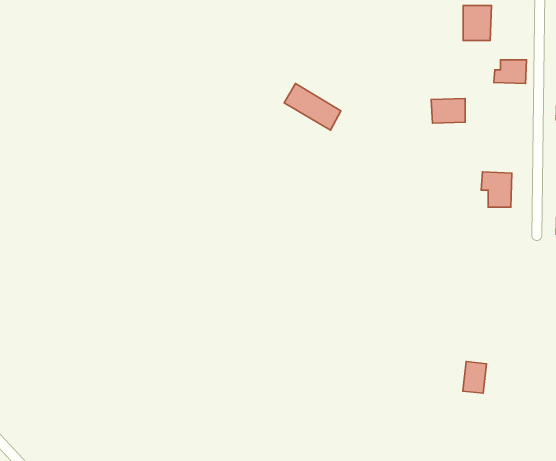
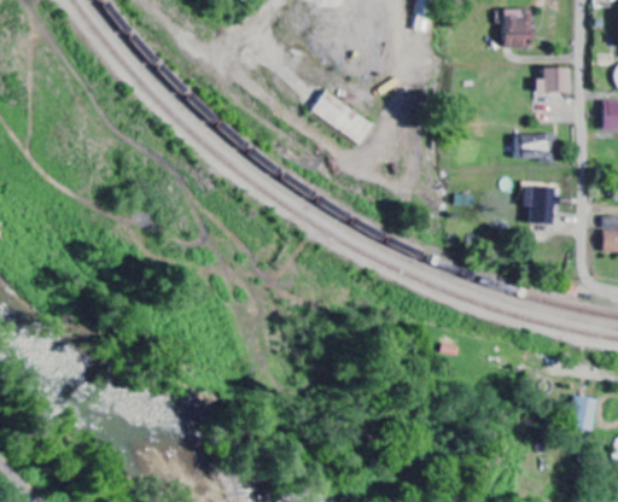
building: [431,98,465,123] -> [520,133,556,159]
building: [463,362,487,393] -> [571,395,596,428]

